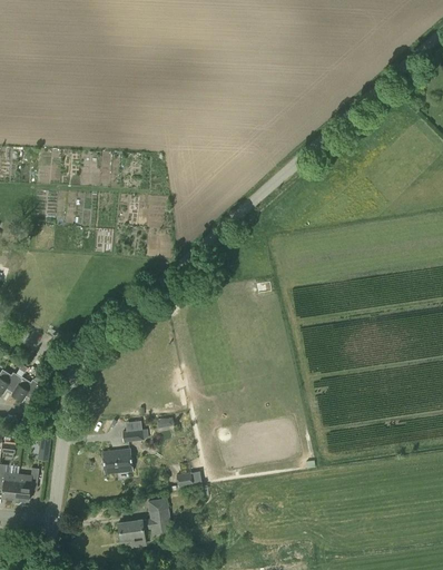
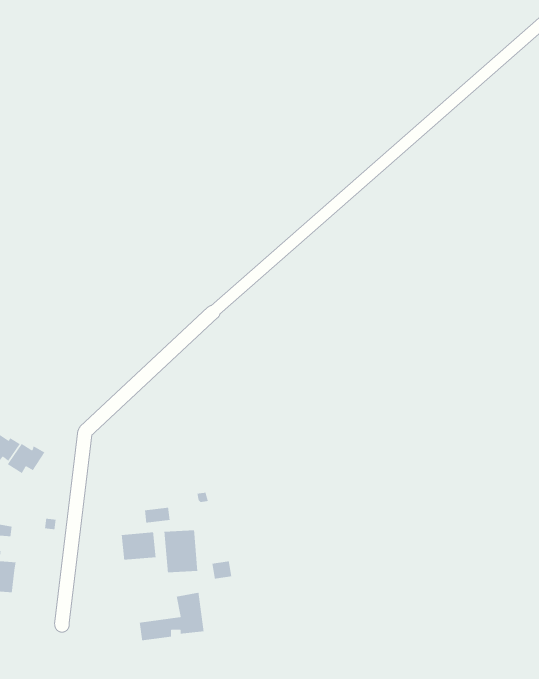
building: none -> [164,529,198,573]
building: [14,468,38,501] -> none

